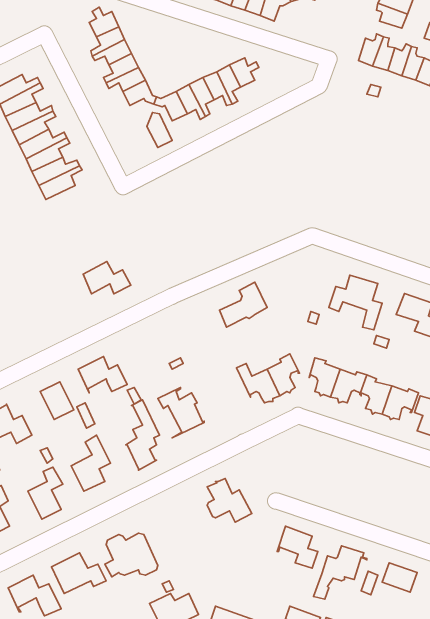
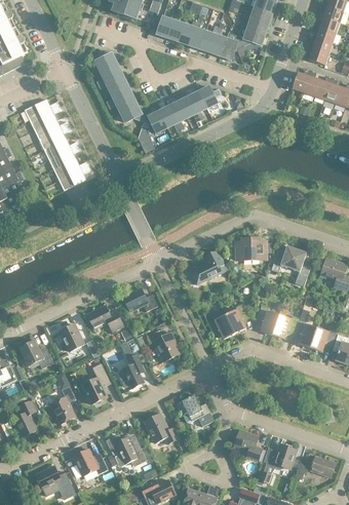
building: none -> [235,235,265,259]
building: [83,261,131,294] -> [122,287,157,311]
building: none -> [144,413,179,443]

